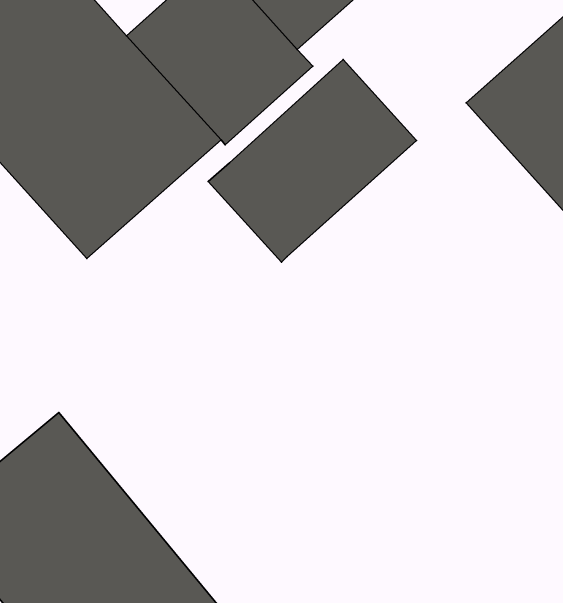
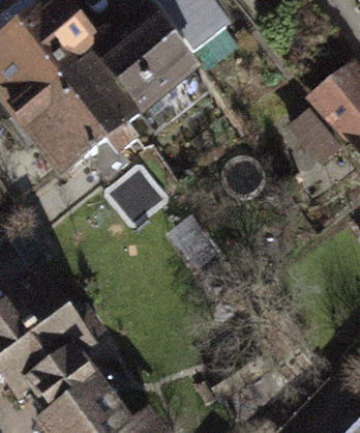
building: [208,60,417,262] -> none

